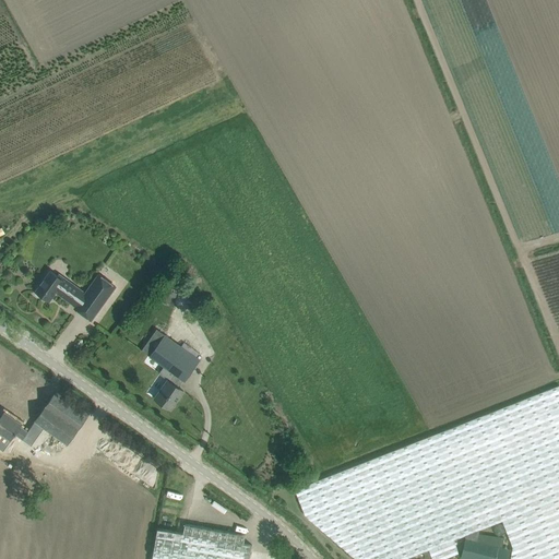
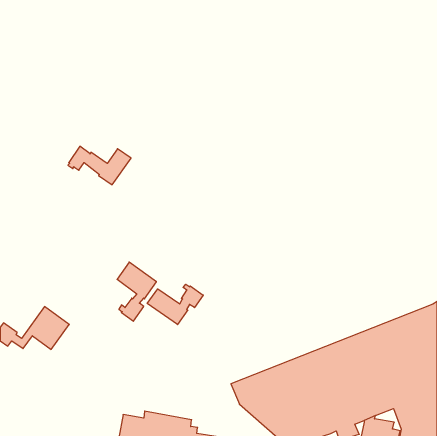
building: [35,273,116,322] -> [68,146,131,185]
building: none -> [147,284,203,325]

